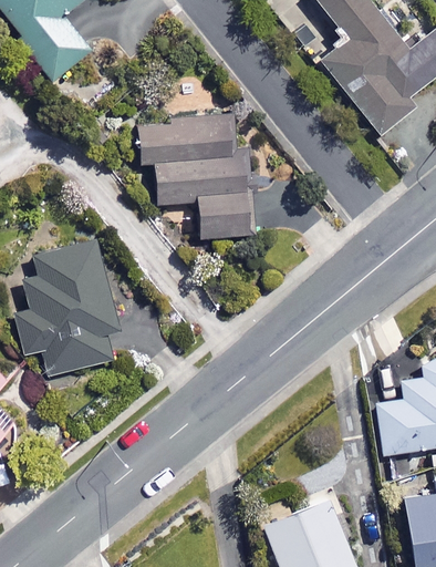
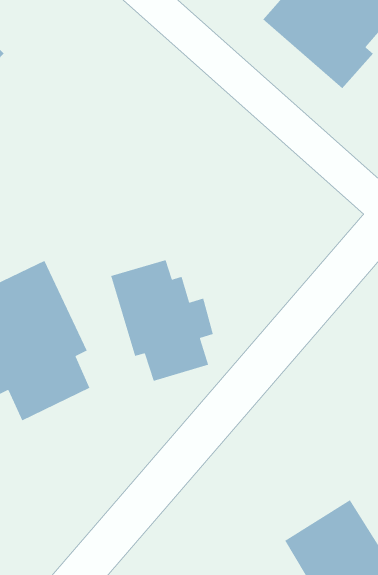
building: [136,113,257,240] -> none
building: none -> [110,259,214,382]

